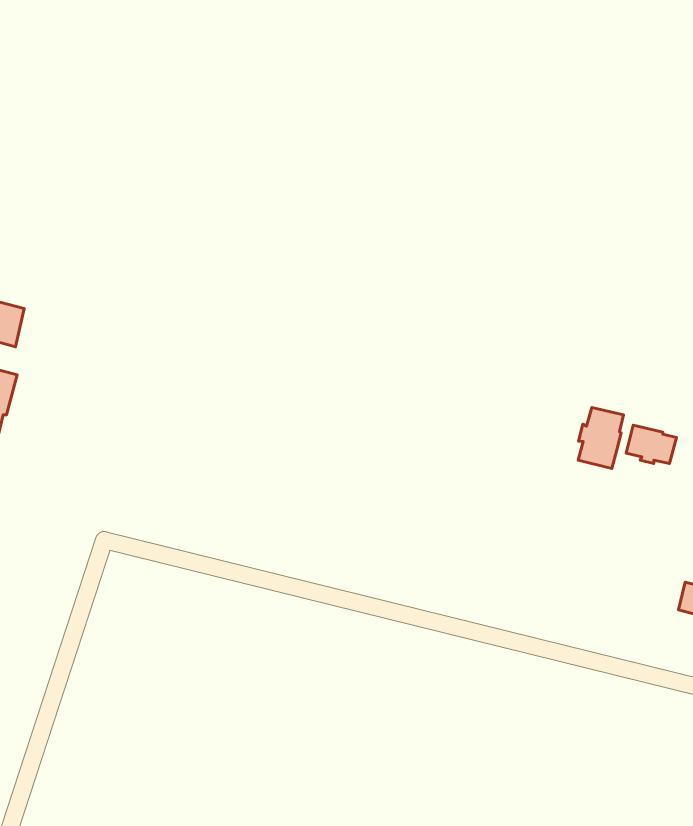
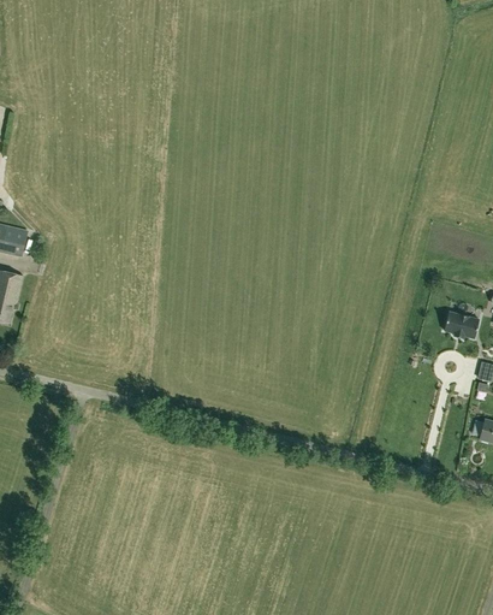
building: [578,407,624,469] -> none

